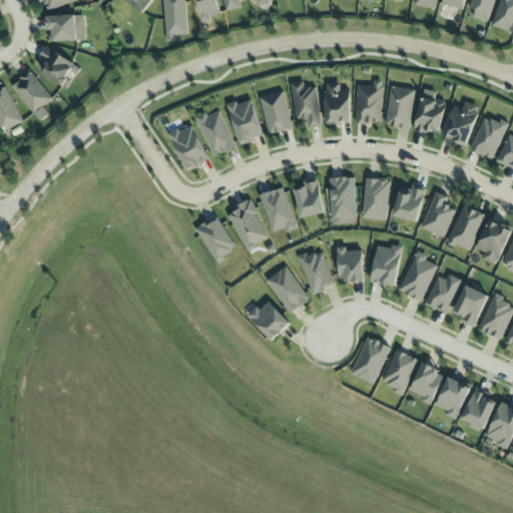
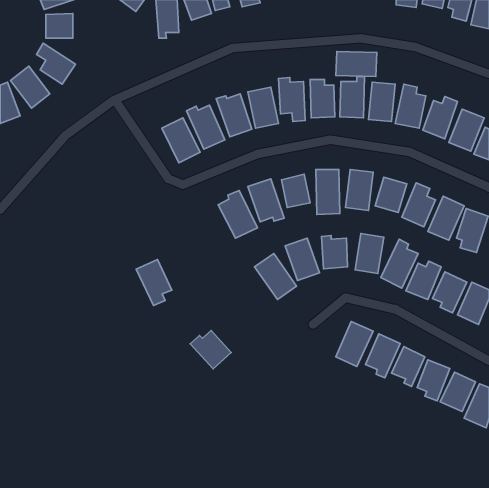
building: none -> [336,52,377,76]
building: [197,216,234,265] -> [136,259,172,305]
building: [247,301,291,341] -> [190,331,231,369]

